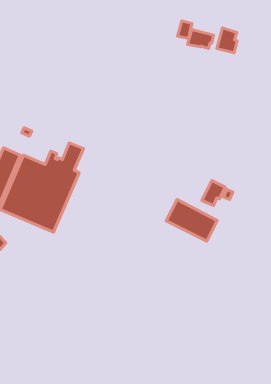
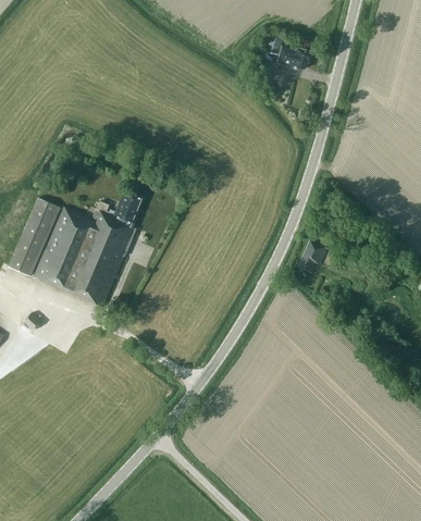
building: [217,28,237,53] -> none
building: [166,199,217,241] -> none

